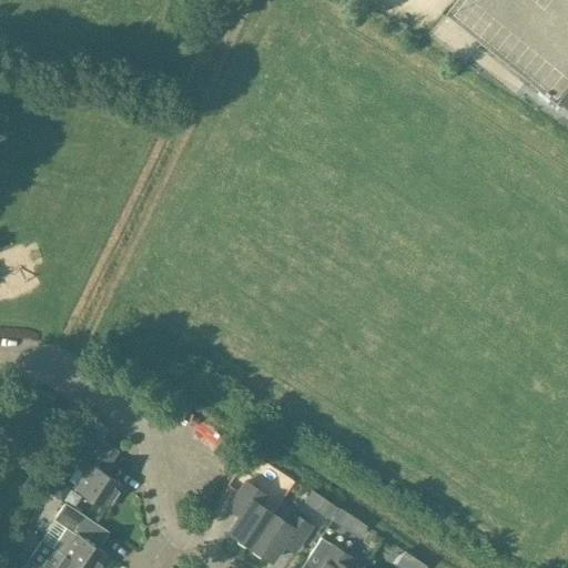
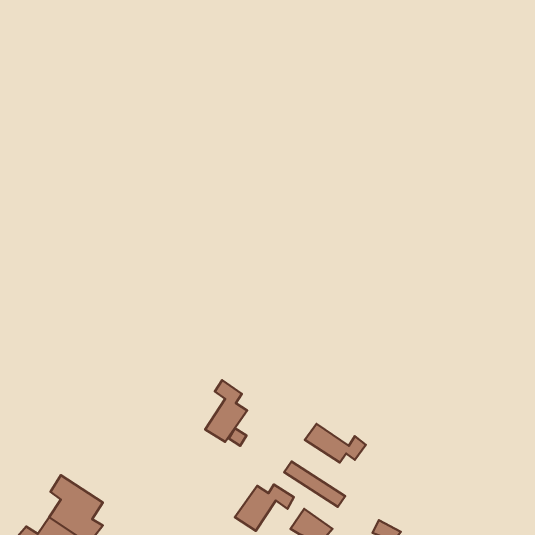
building: [74,433,124,511] -> none
building: none -> [305,424,366,462]
building: [229,483,273,548] -> [205,380,247,442]

